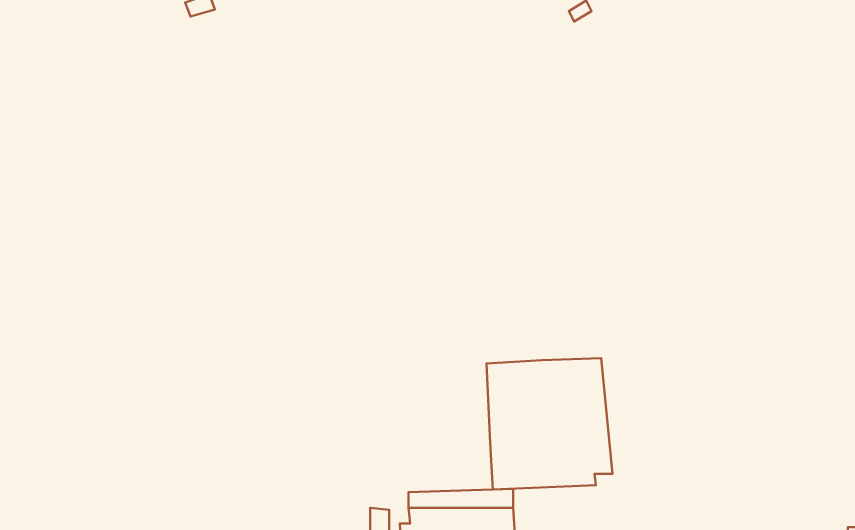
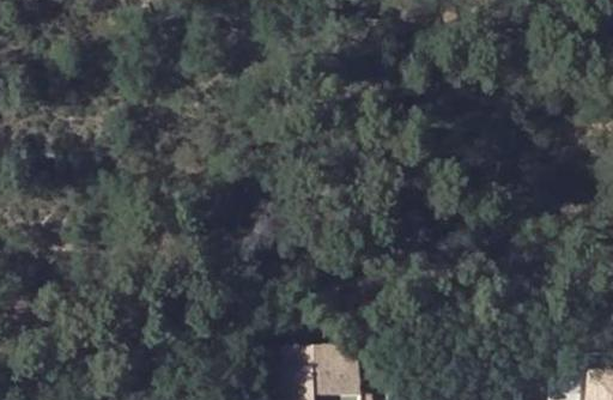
building: [486,358,613,489] -> none

